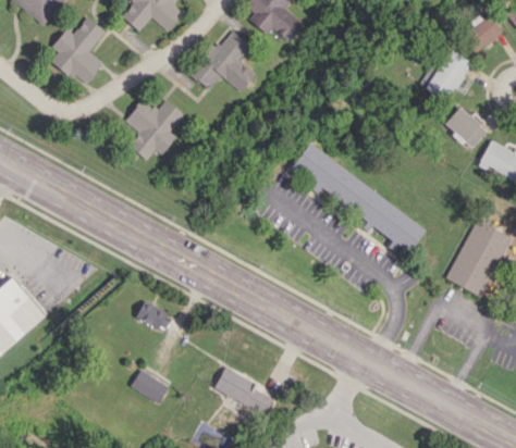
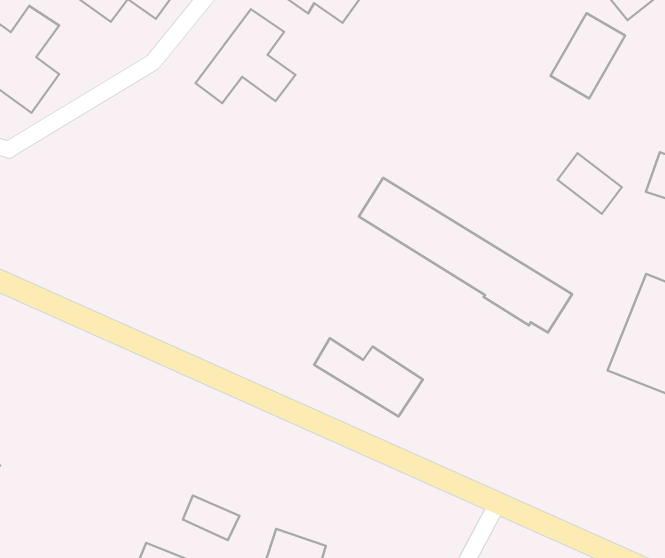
building: [126,99,185,161] -> none
building: [445,107,487,147] -> [558,153,622,214]
building: none -> [314,338,423,417]
building: [136,301,173,332] -> [183,495,240,540]

